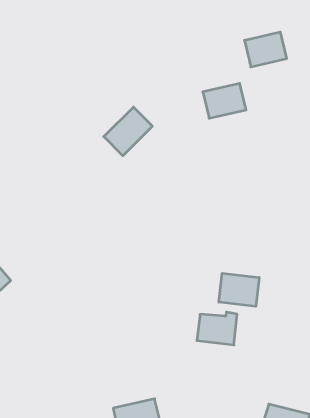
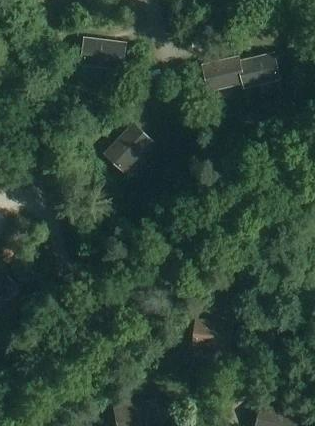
building: none -> [81,40,124,70]
building: [203,83,246,118] -> [202,59,243,92]
building: [219,273,259,306] -> none

